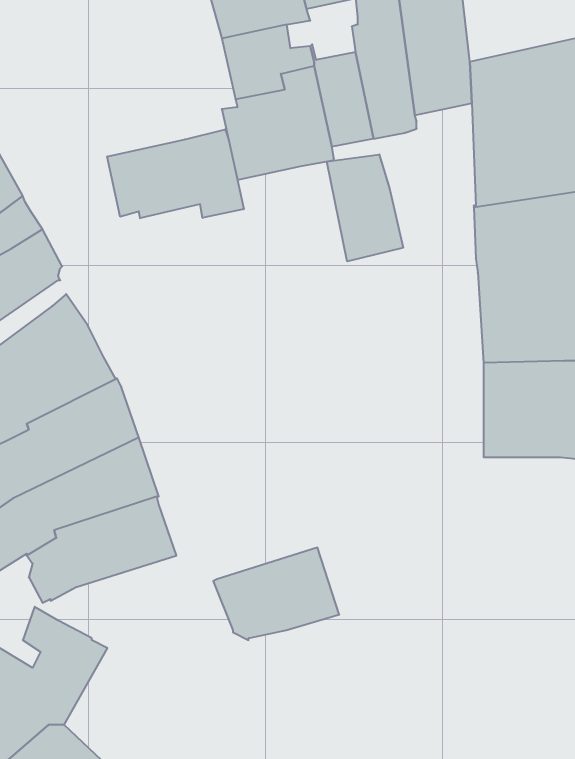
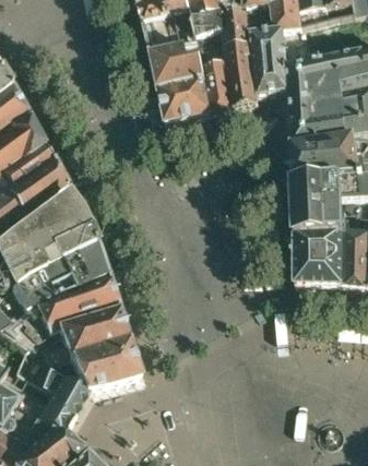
building: [107,129,244,218] -> none
building: [327,154,403,261] -> none
building: [213,548,339,640] -> [67,337,136,389]

